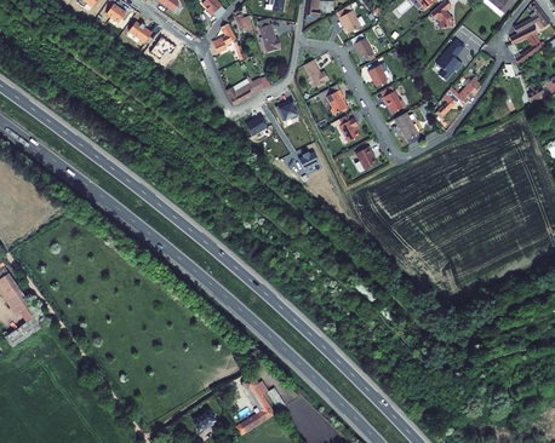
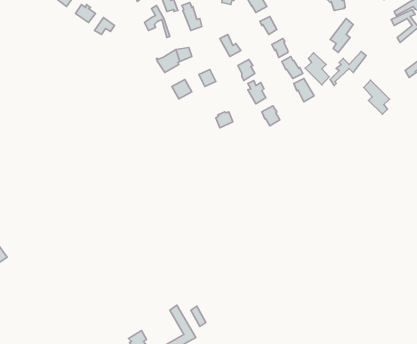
building: none -> [305,53,329,85]
building: none -> [364,80,389,114]

